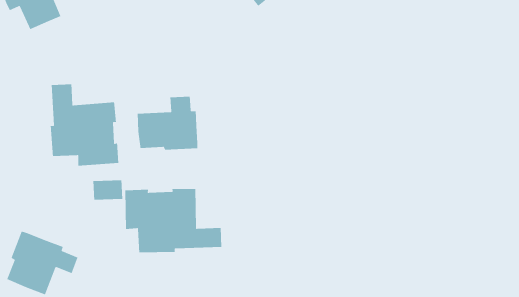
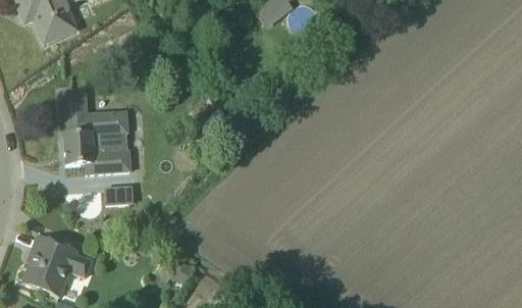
building: [137,96,198,151] -> none
building: [125,188,222,253] -> none

